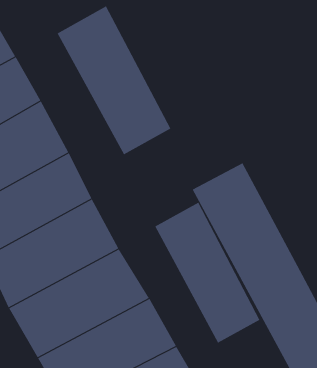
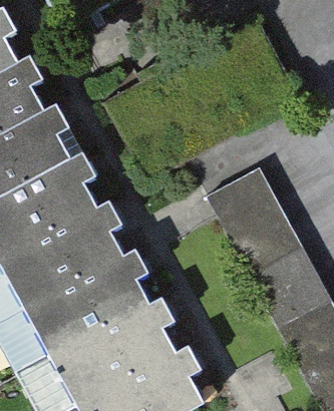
building: [57,5,171,155] -> none
building: [154,202,260,343] -> none

